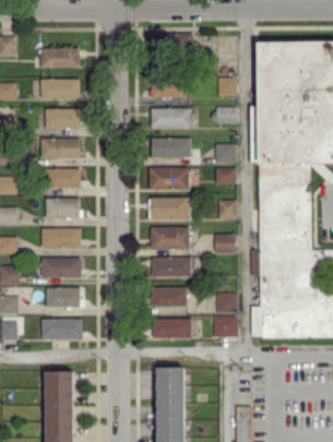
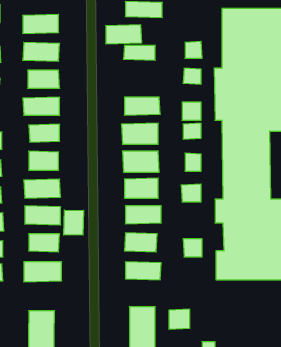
building: [151,108,190,129] -> [106,25,142,44]
building: none -> [64,210,84,235]
building: [213,315,236,337] -> [169,309,190,329]

